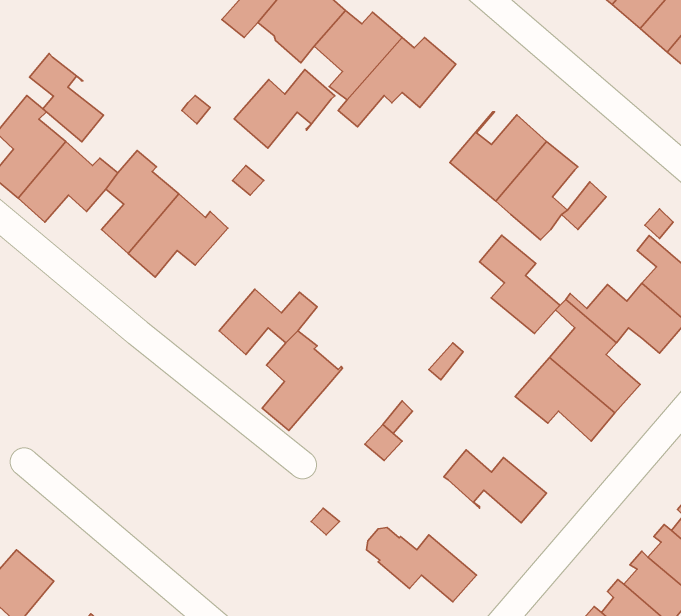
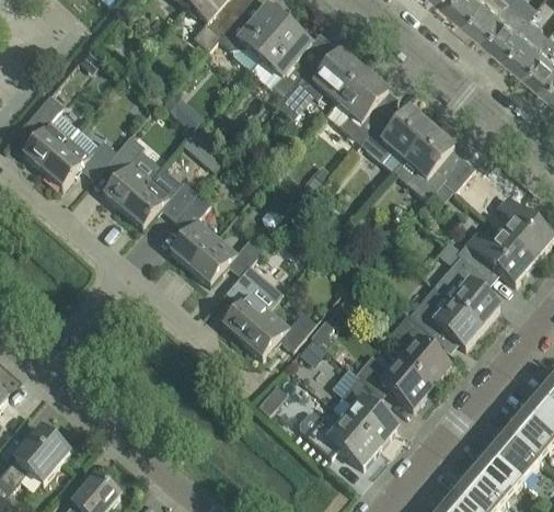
building: [29,54,103,142] -> none
building: none -> [326,70,391,143]
building: [234,70,335,148] -> none
building: none -> [169,191,216,266]
building: [479,235,560,333] -> [390,314,449,386]
building: none -> [241,309,314,357]
building: none -> [342,376,395,446]

